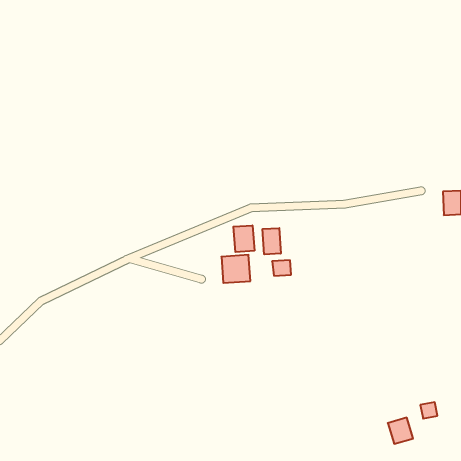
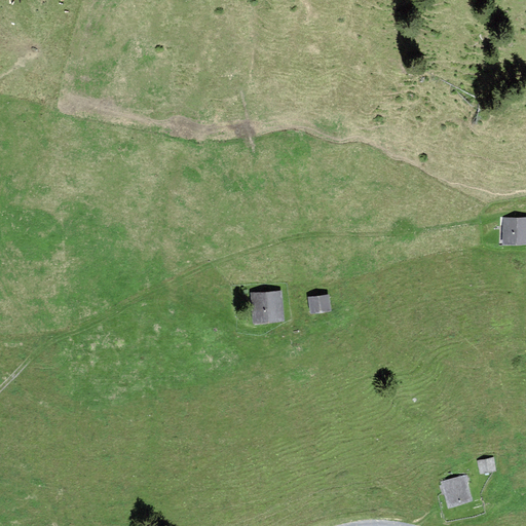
building: [233,225,254,252] -> none
building: [263,228,281,254] -> none

